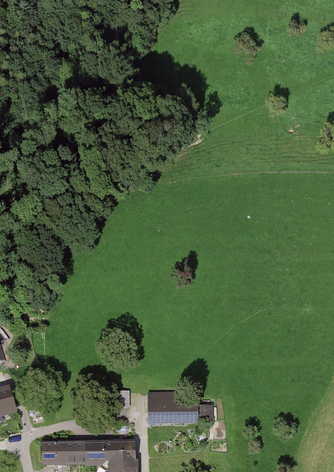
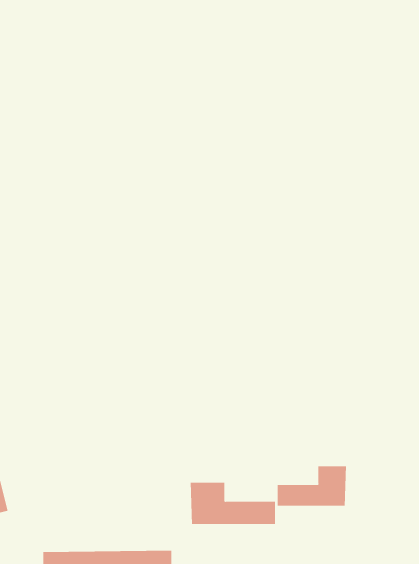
building: none -> [277,466,346,507]

